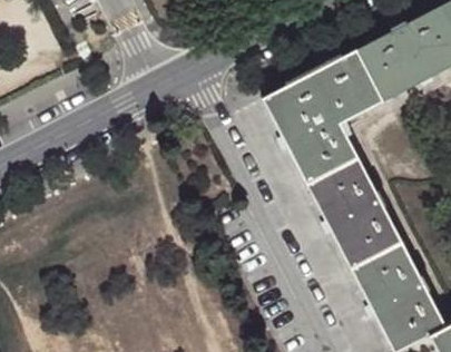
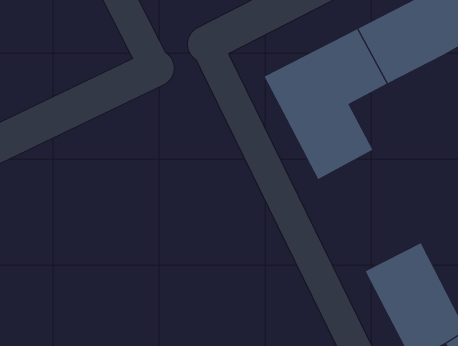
building: [312,166,408,278] -> none

